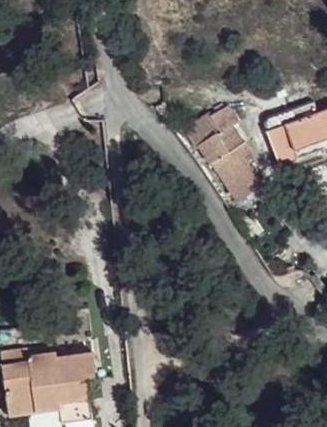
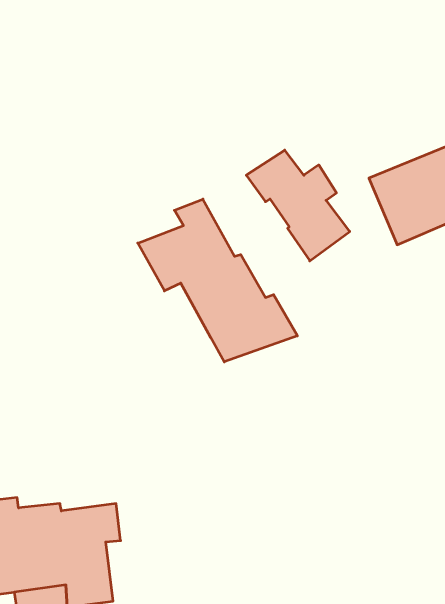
building: none -> [138,199,297,362]

